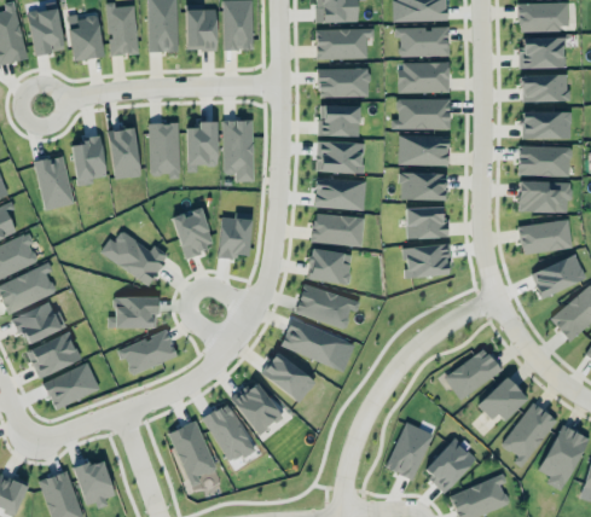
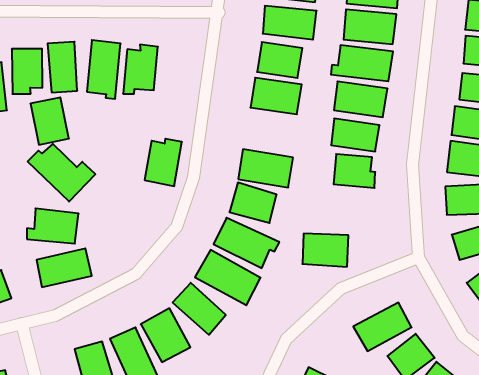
building: [222,120,254,182] -> none
building: [314,179,365,209] -> none
building: [172,208,214,257] -> [30,97,69,145]
building: [404,244,451,278] -> [302,234,348,267]

